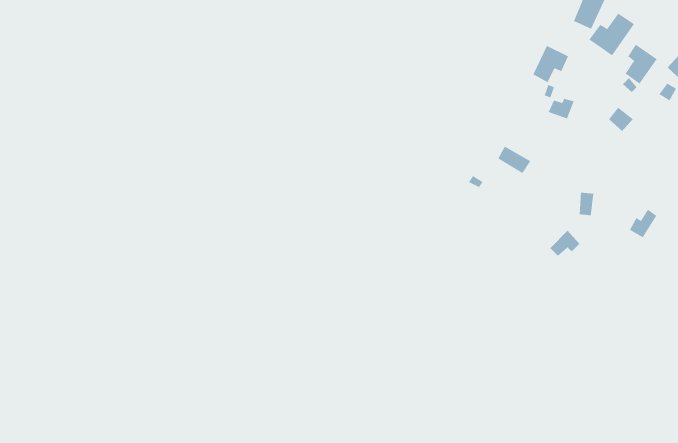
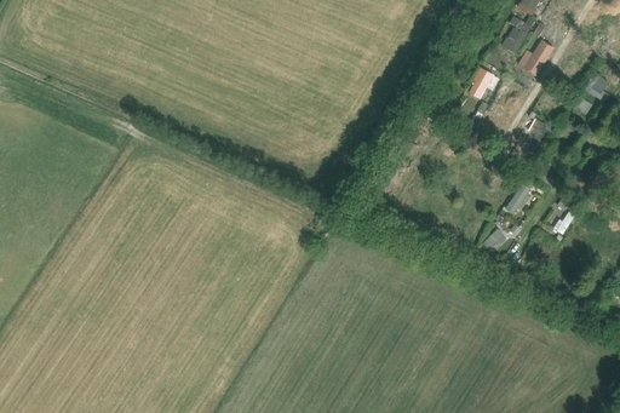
building: [625,44,658,85] -> none

